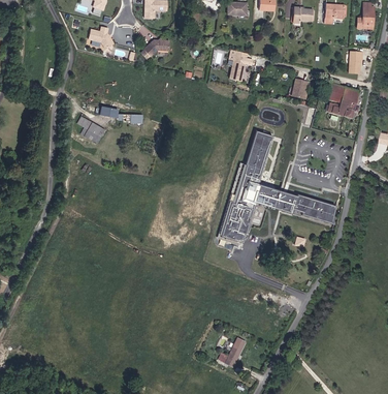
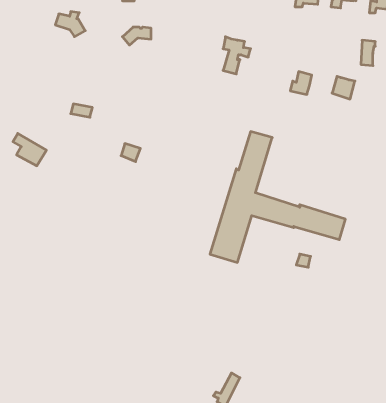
building: [327,87,359,119] -> none
building: [76,116,105,144] -> [13,133,46,166]

